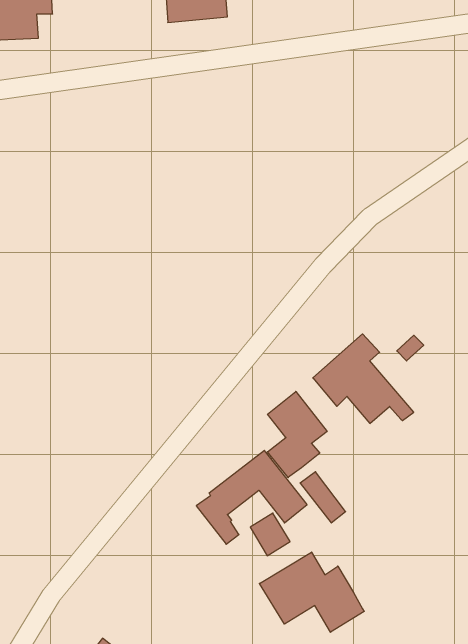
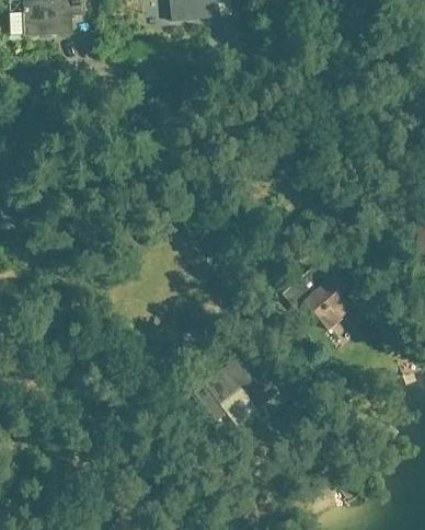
building: [267,391,327,478] -> none
building: [259,552,364,632] -> none

